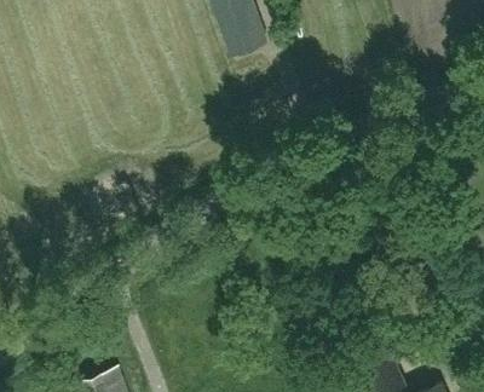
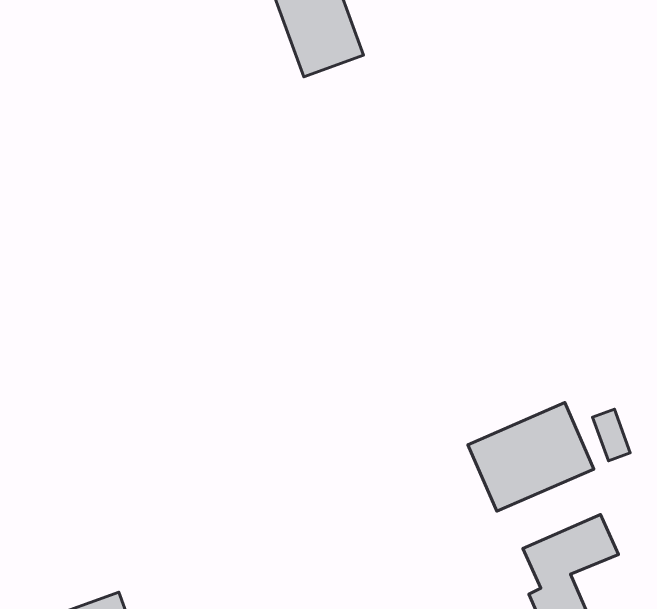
building: none -> [468,403,594,511]

